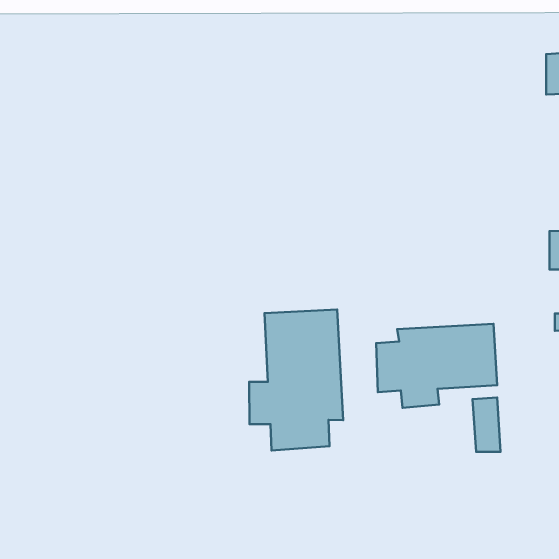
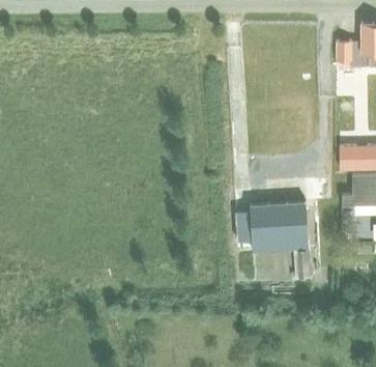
building: [249,309,343,450] -> none

